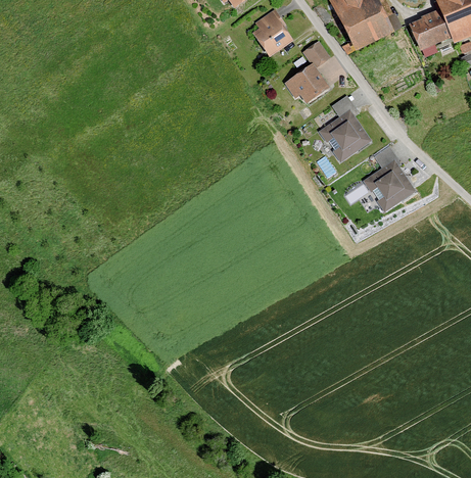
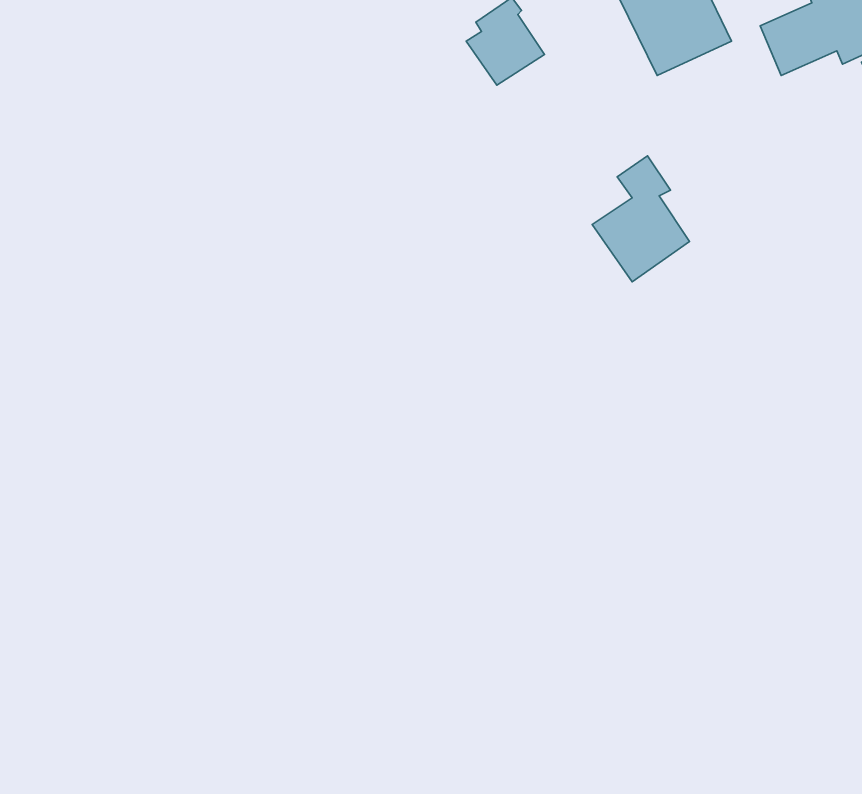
building: [284,41,331,102] -> none
building: [365,146,416,210] -> none

